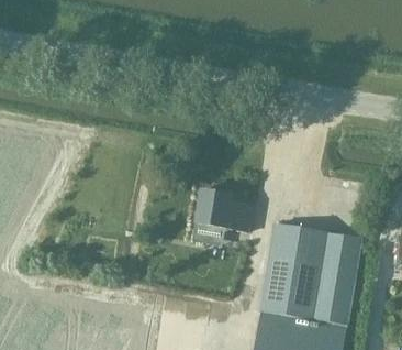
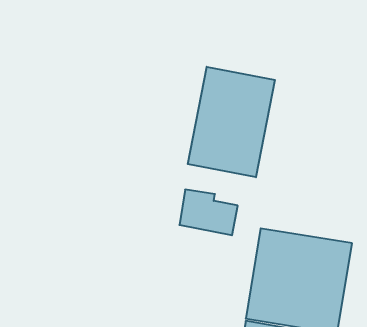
building: none -> [188,67,275,177]

